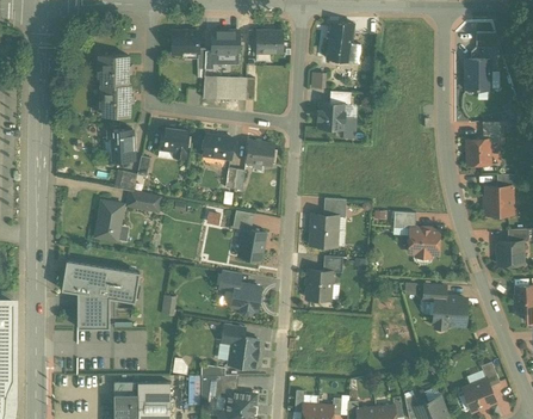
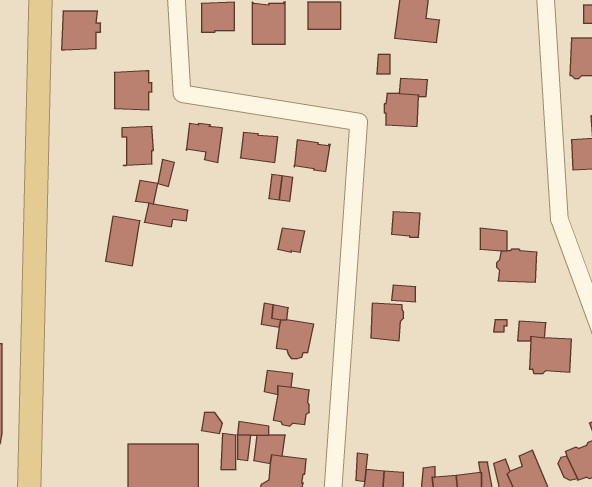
building: [100,55,131,86] -> [62,11,101,50]
building: [203,75,247,99] -> none
building: [310,215,337,246] -> none
building: [238,228,266,259] -> none
building: [62,259,138,327] -> none

